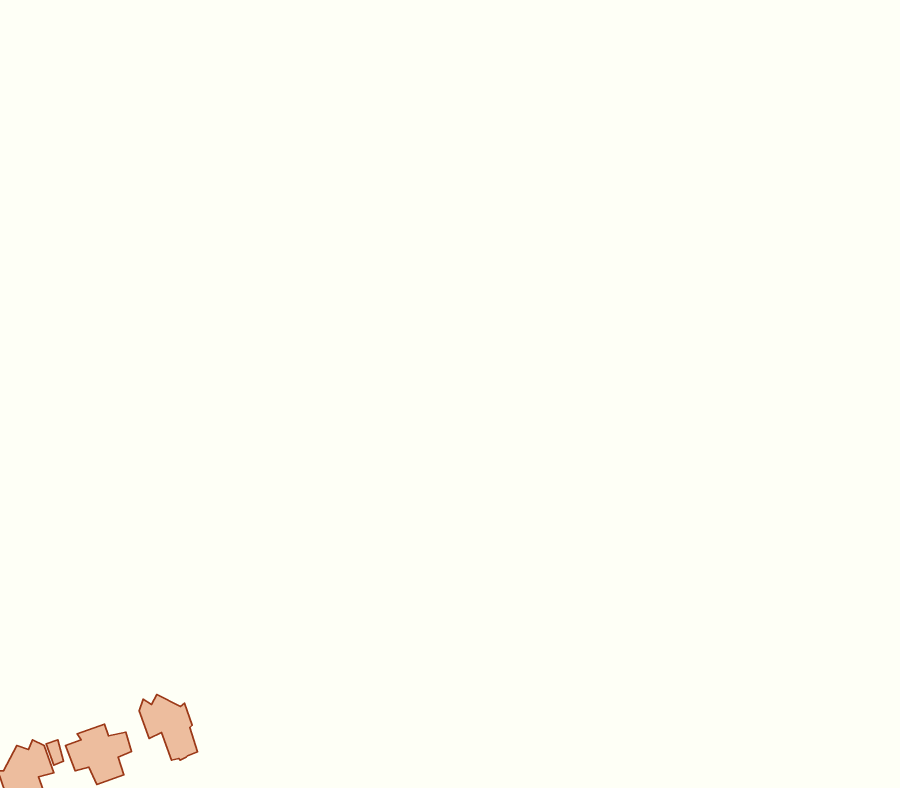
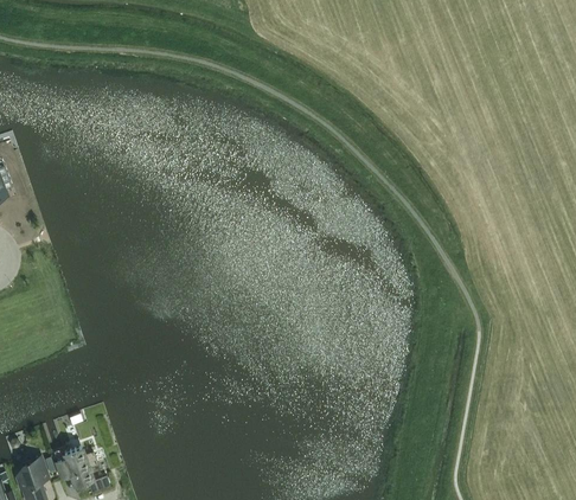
building: [139,694,197,760] -> none

